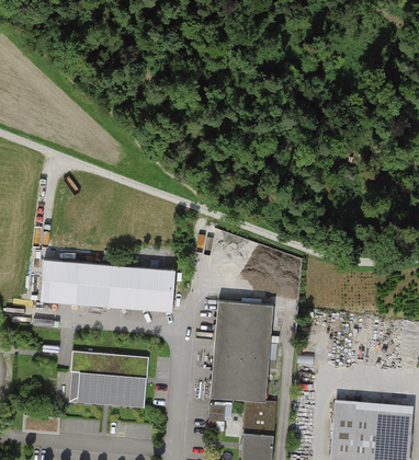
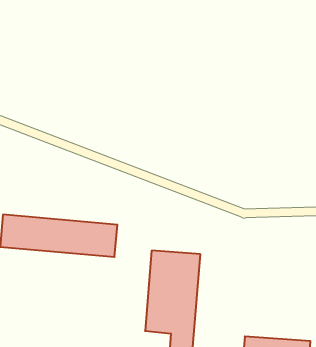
building: [70,352,149,407] -> none

